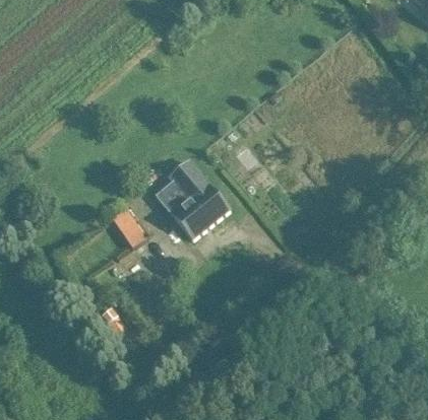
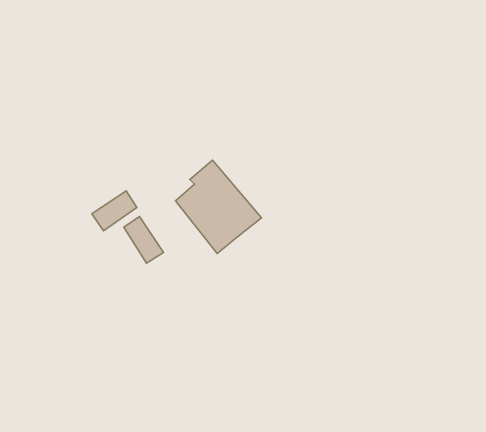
building: none -> [92,191,137,231]

